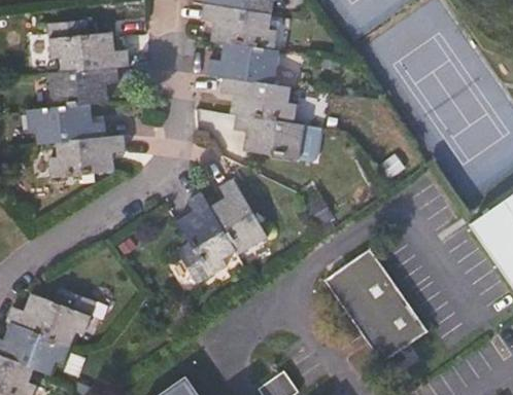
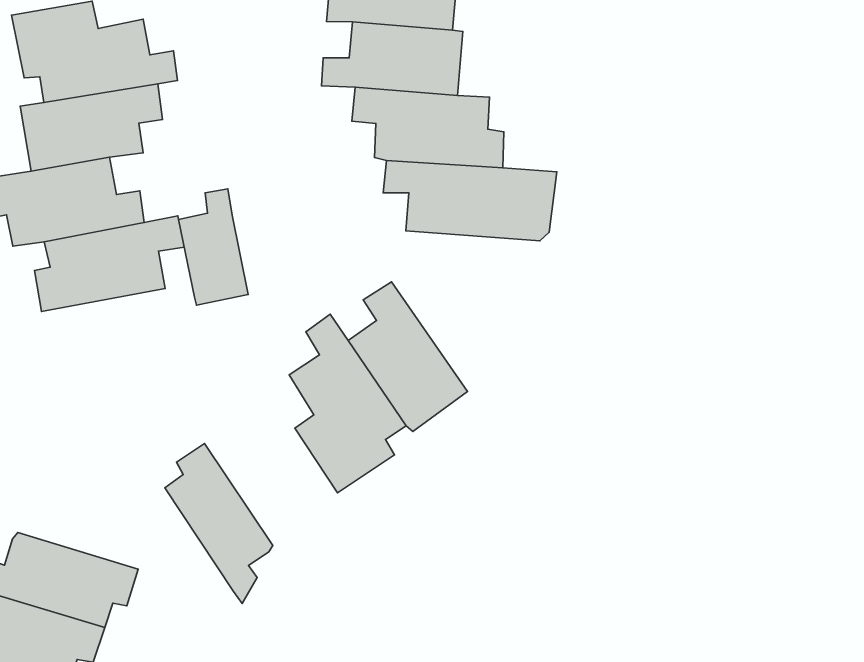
building: none -> [178,189,248,305]
building: [324,249,427,363] -> none
building: none -> [165,443,273,603]

